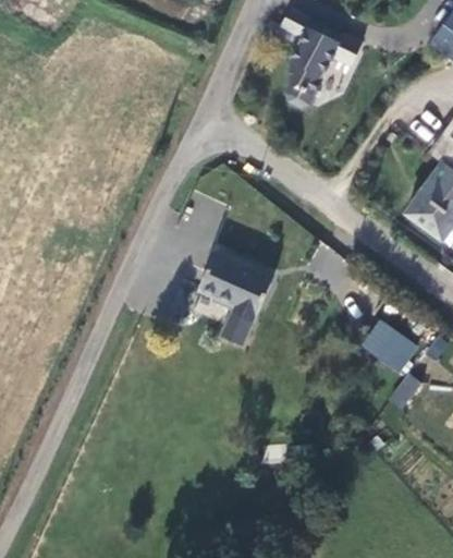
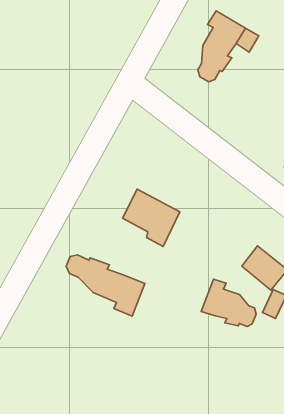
building: none -> [66,255,145,316]
building: none -> [201,279,256,326]

